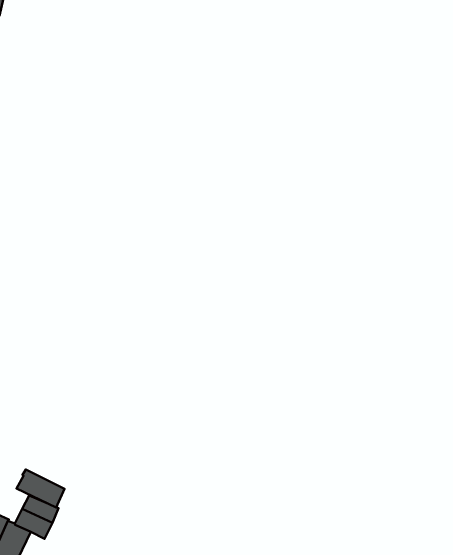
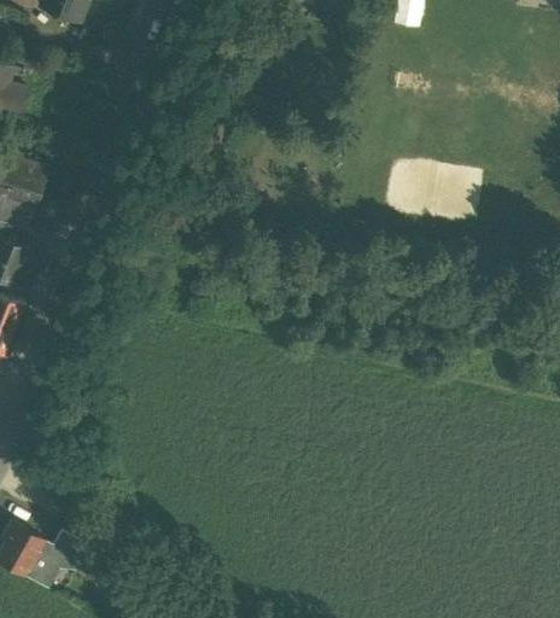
building: [17,469,65,507] -> none

